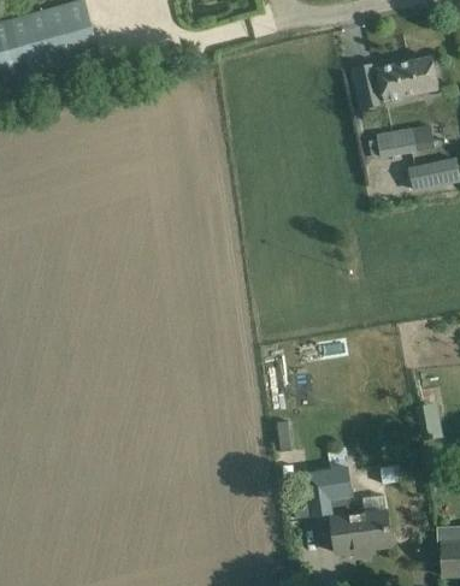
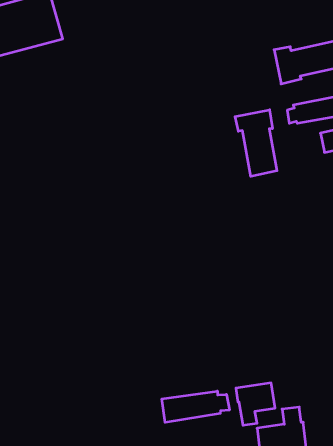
building: none -> [235,110,277,176]
building: none -> [162,391,229,422]

